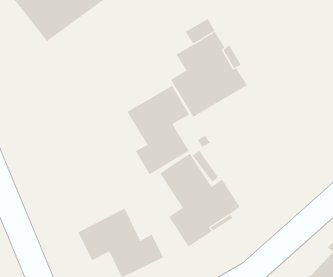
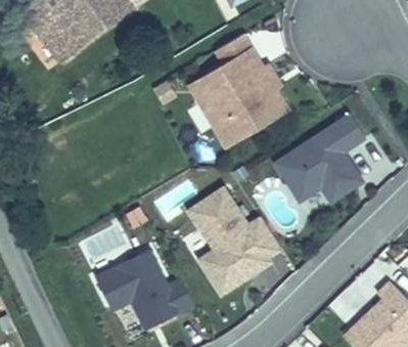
building: [126,85,190,175] -> none
building: none -> [274,113,365,202]

